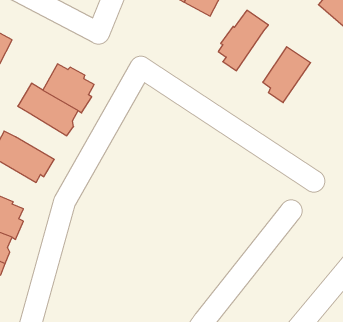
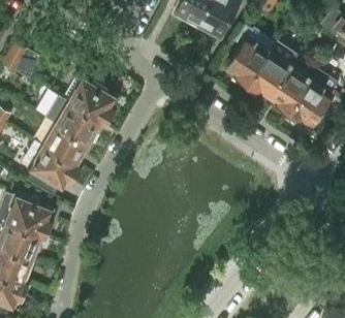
building: none -> [244,50,289,96]
building: none -> [286,78,332,125]
building: none -> [43,124,90,164]

